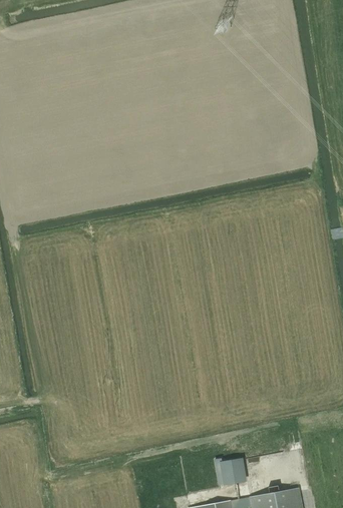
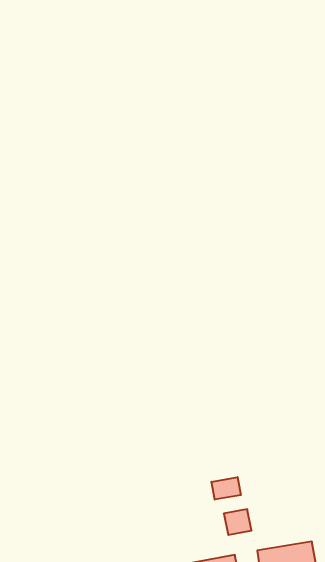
building: none -> [211,477,241,500]

